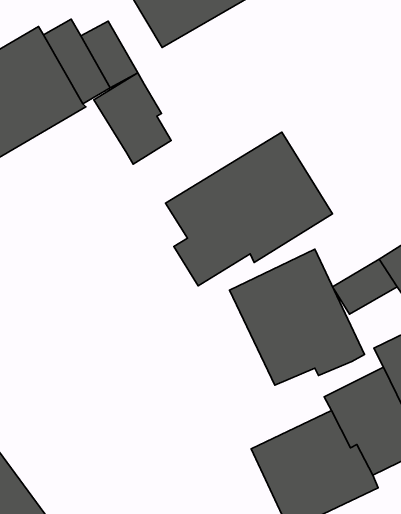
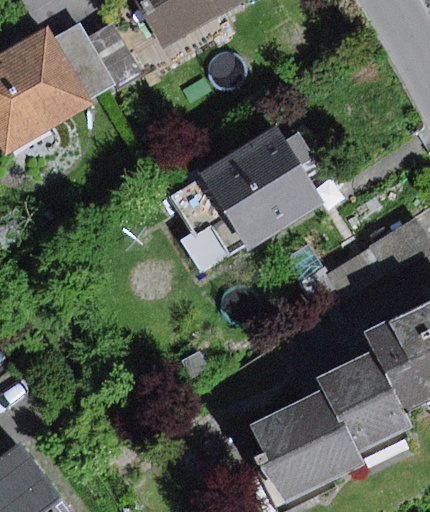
building: [94,73,171,164] -> none
building: [230,249,365,385] -> none

